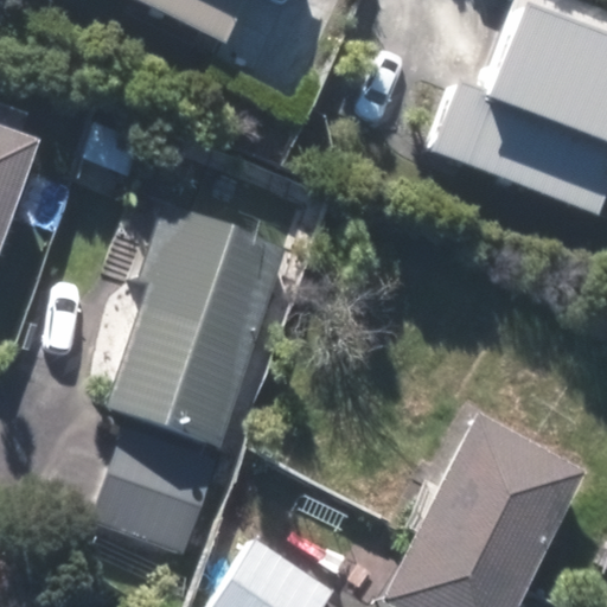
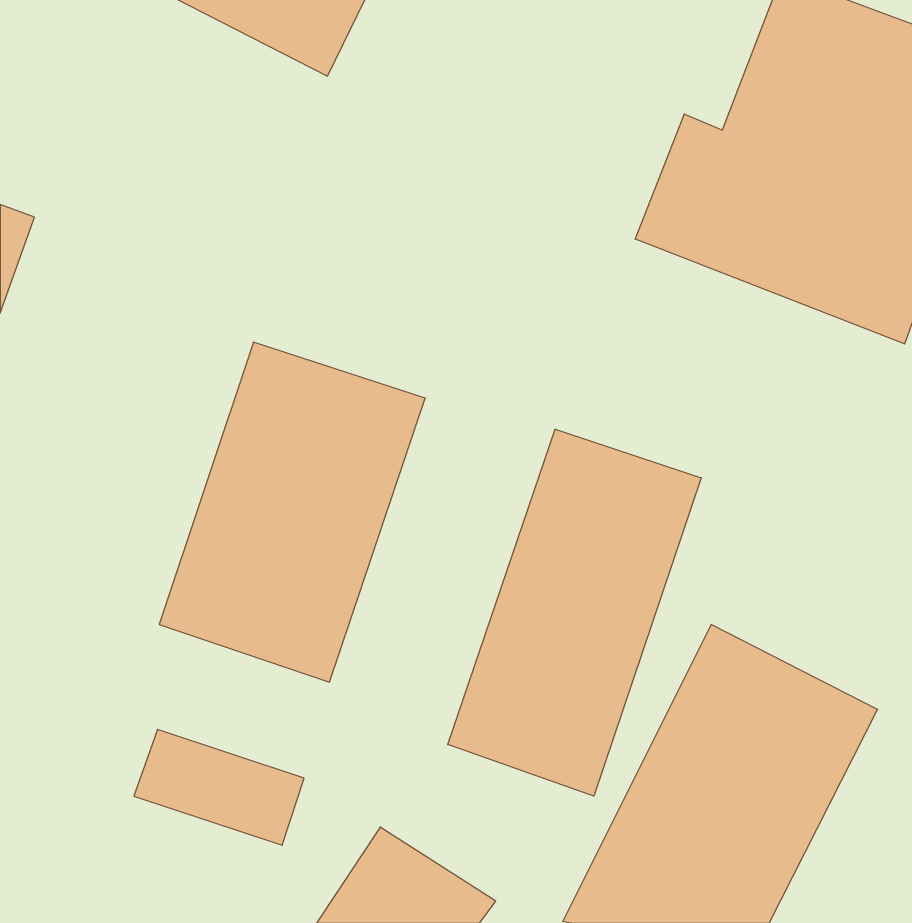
building: none -> [448,429,701,796]

